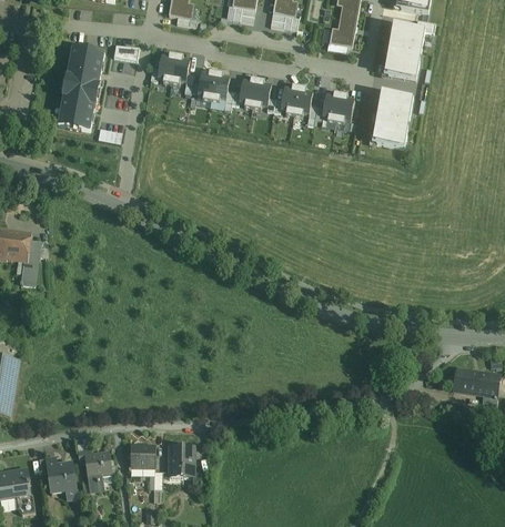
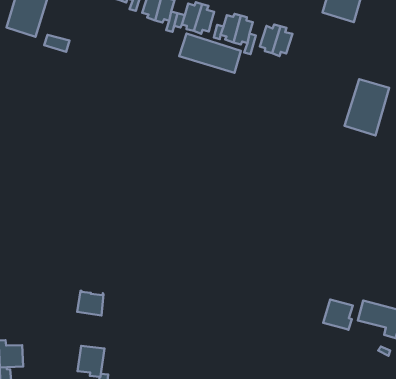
building: [371,91,413,148] -> [344,79,389,136]
building: none -> [179,34,241,73]
building: none -> [323,300,353,330]
building: [130,444,155,467] -> [77,291,104,315]

